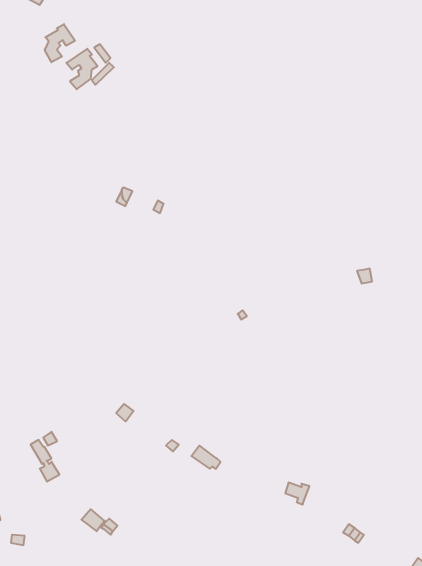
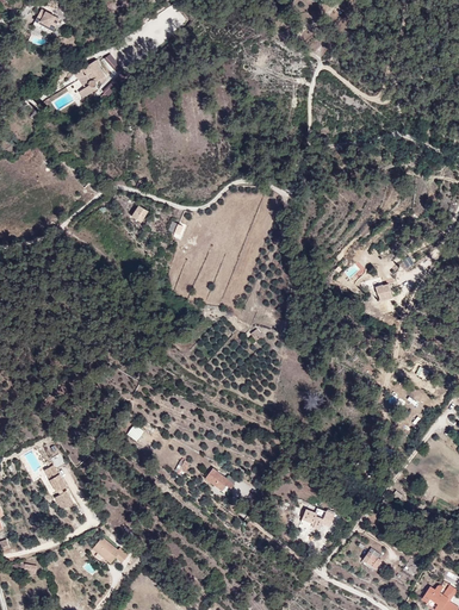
building: [45,24,75,62] -> none

